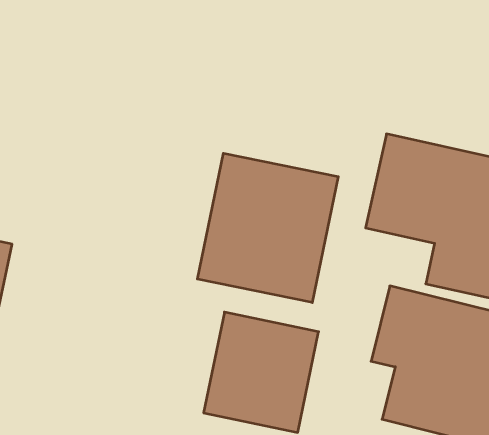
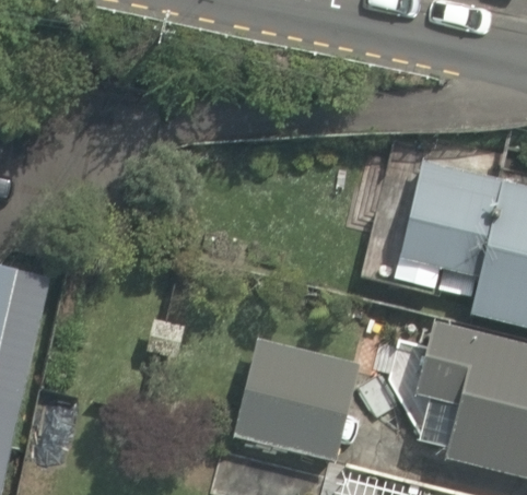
building: [197,153,338,303] -> none

